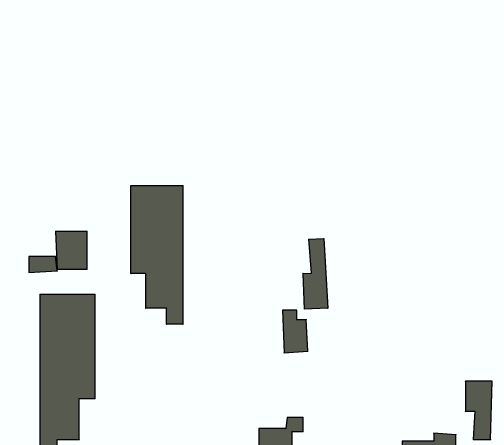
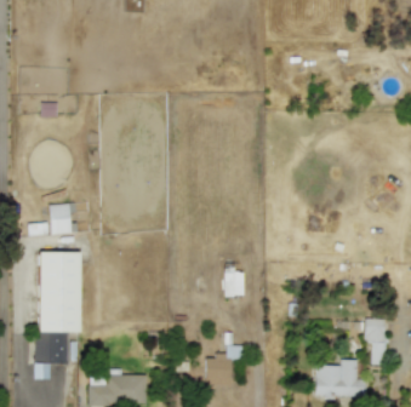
building: [131,186,183,324] -> none
building: [303,239,328,309] -> none

